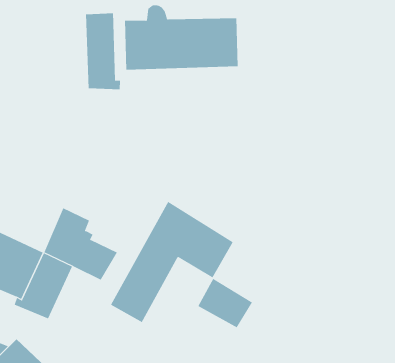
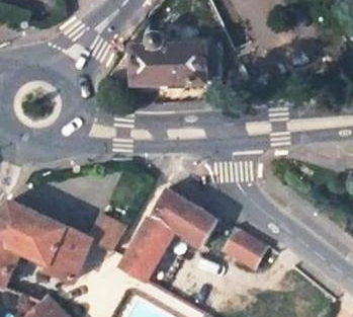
building: [86,12,120,90] -> none
building: [197,278,253,328] -> [224,228,267,267]

